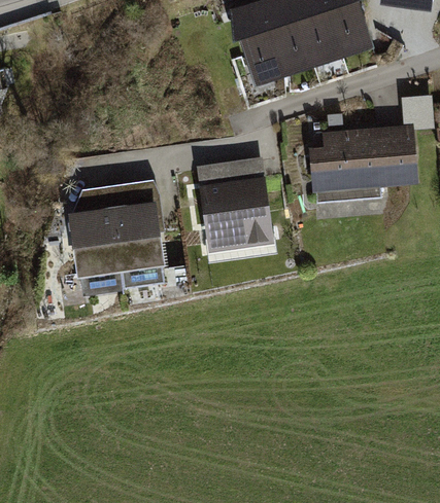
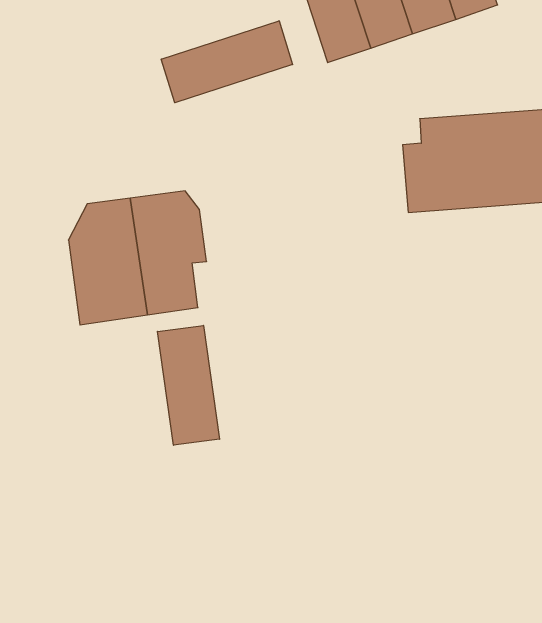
building: none -> [161,21,293,103]
building: [196,157,273,254] -> none
building: none -> [157,325,220,445]

